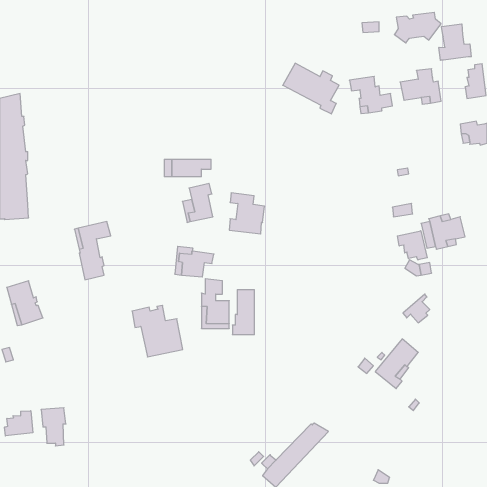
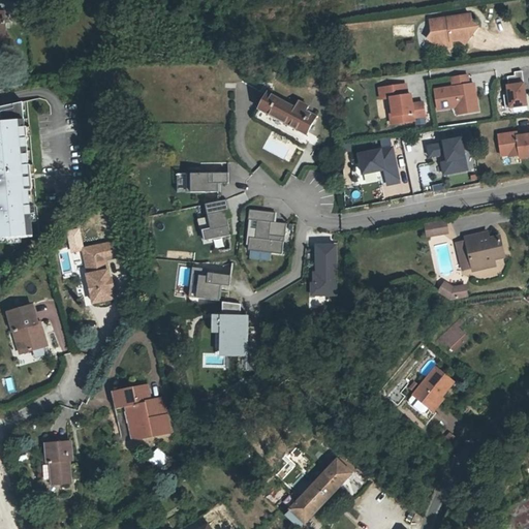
building: [439,24,471,60] -> none
building: [283,63,339,114] -> [253,92,314,147]
building: none -> [427,137,467,174]
building: none -> [359,148,398,184]
building: [397,231,427,260] -> none
building: [232,290,254,335] -> [311,245,335,293]
building: [132,305,183,357] -> [114,383,168,439]
building: [5,411,33,436] -> none

